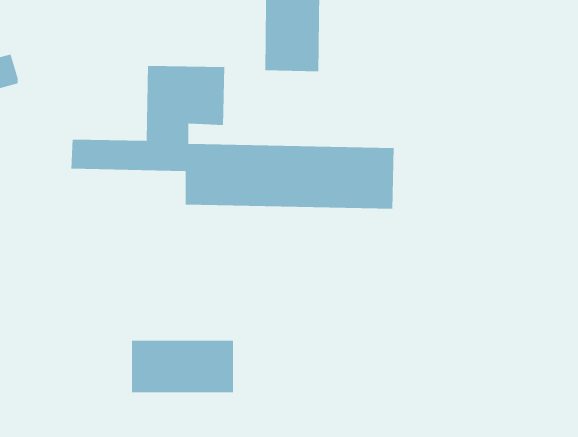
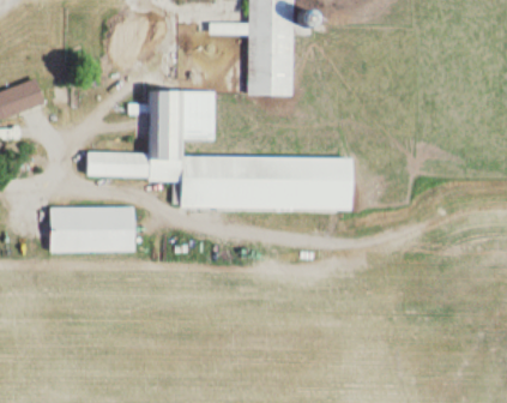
building: [131,340,234,393] -> [50,206,135,251]

